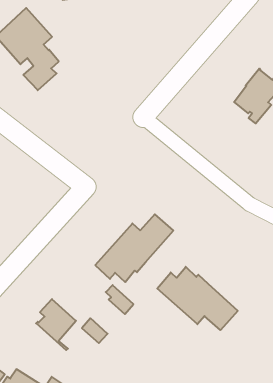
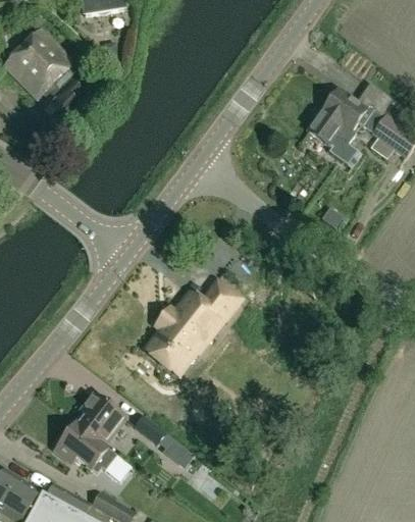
building: [157,267,238,330] -> none
building: [106,285,133,314] -> [156,433,192,469]
building: none -> [53,425,113,474]

